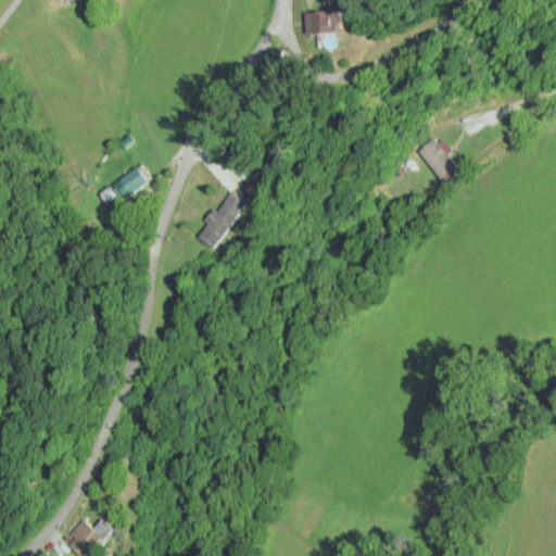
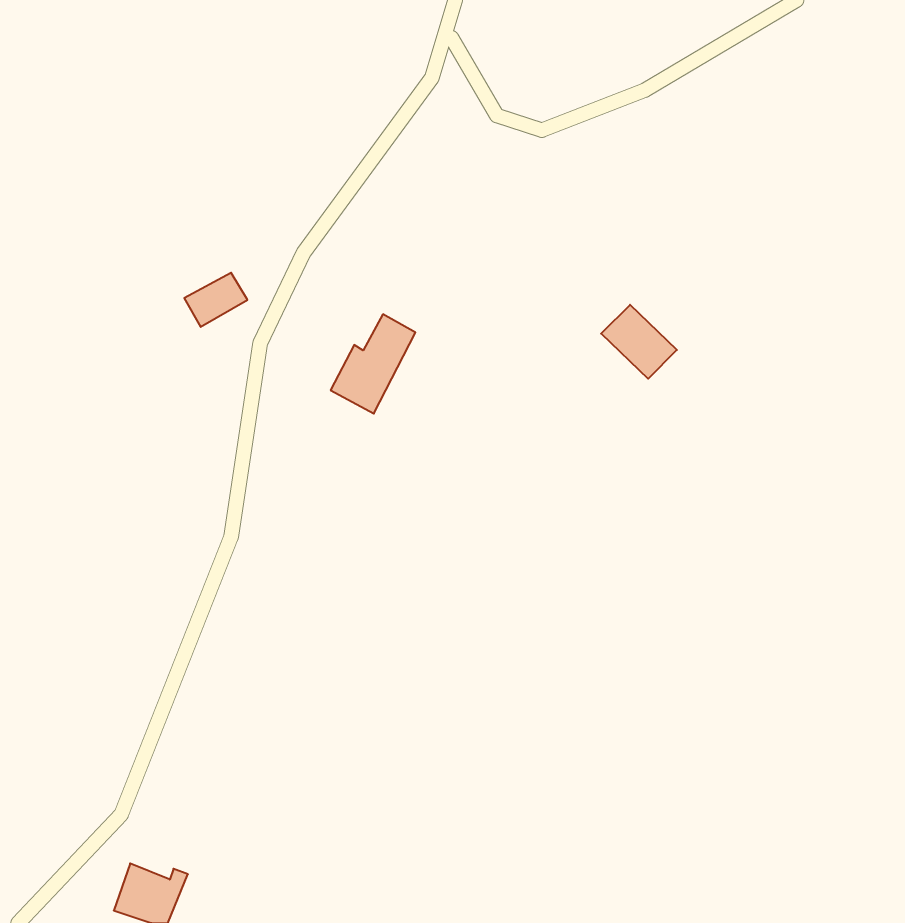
building: [307,11,340,33] -> none
building: [414,137,459,181] -> [601,305,677,379]

